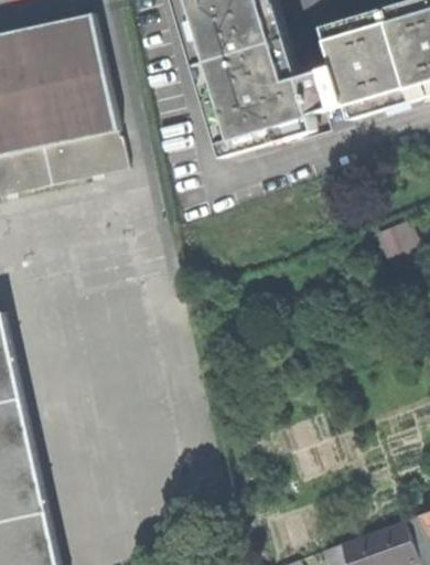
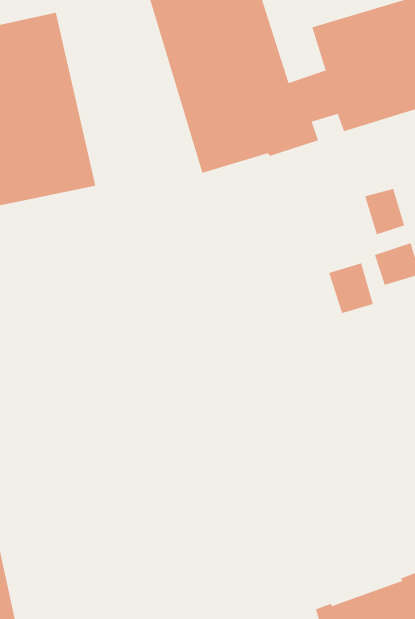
building: none -> [364,188,405,235]
building: none -> [329,262,373,314]

